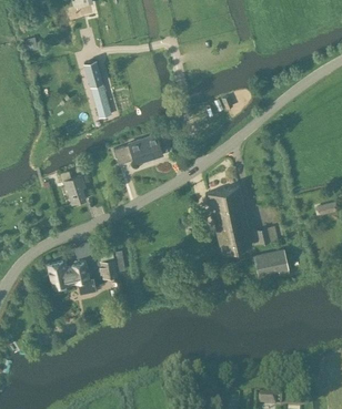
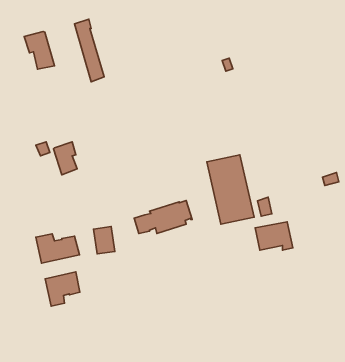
building: none -> [24,32,54,69]
building: [114,133,169,164] -> [134,201,192,234]
building: none -> [45,272,80,306]

